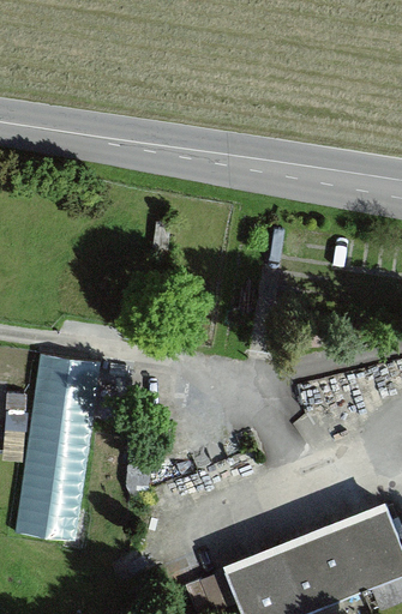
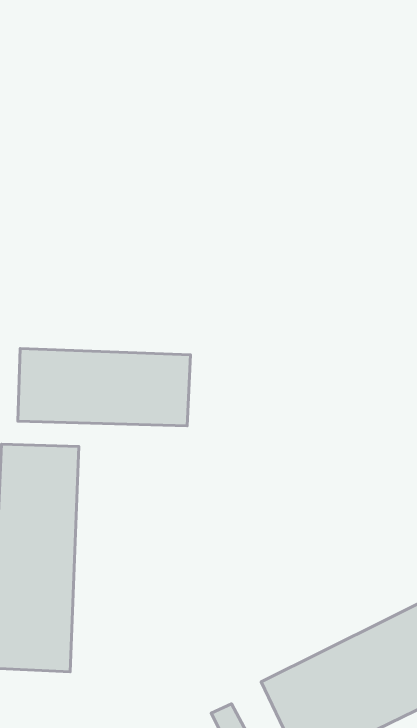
building: none -> [18,348,190,426]

